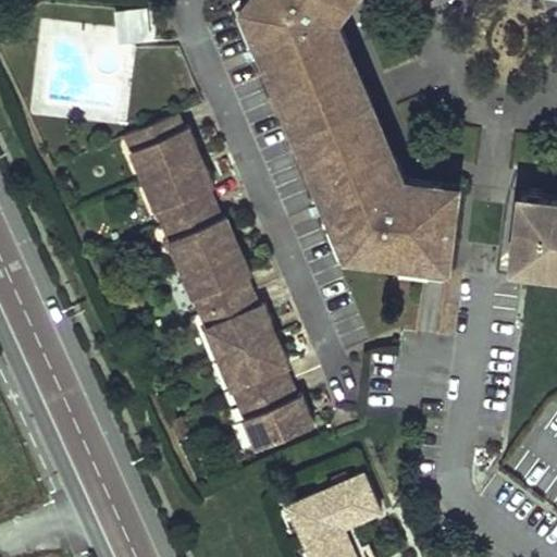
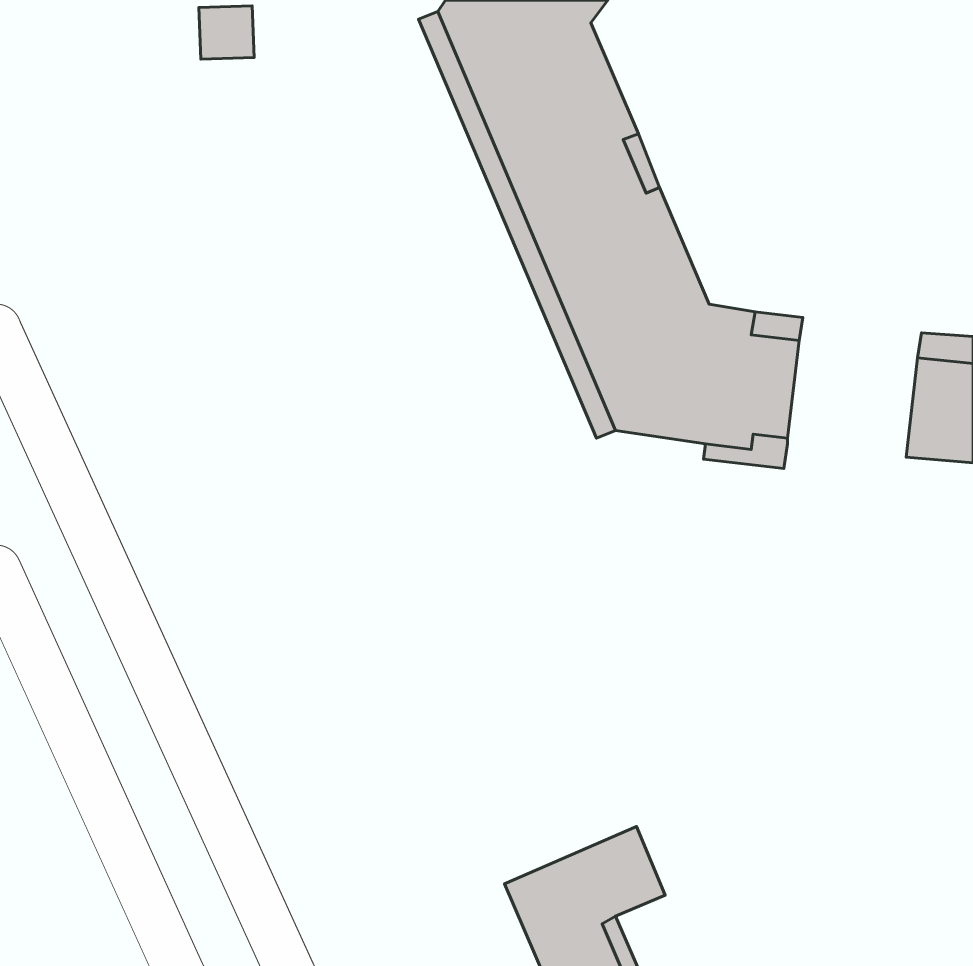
building: [121,115,315,453] -> none

